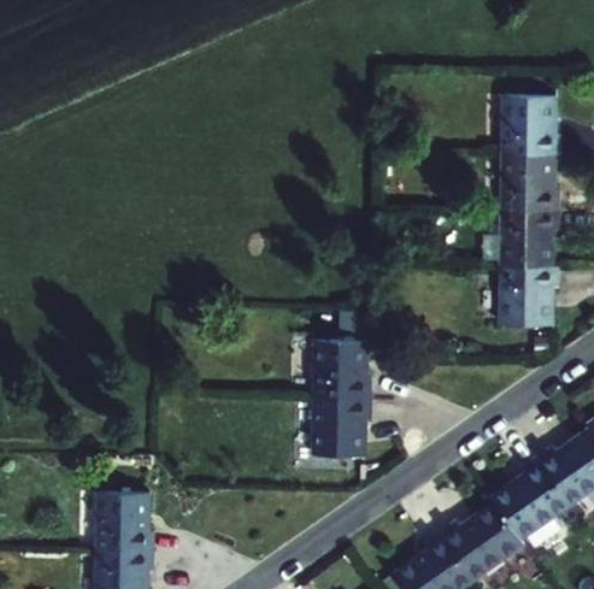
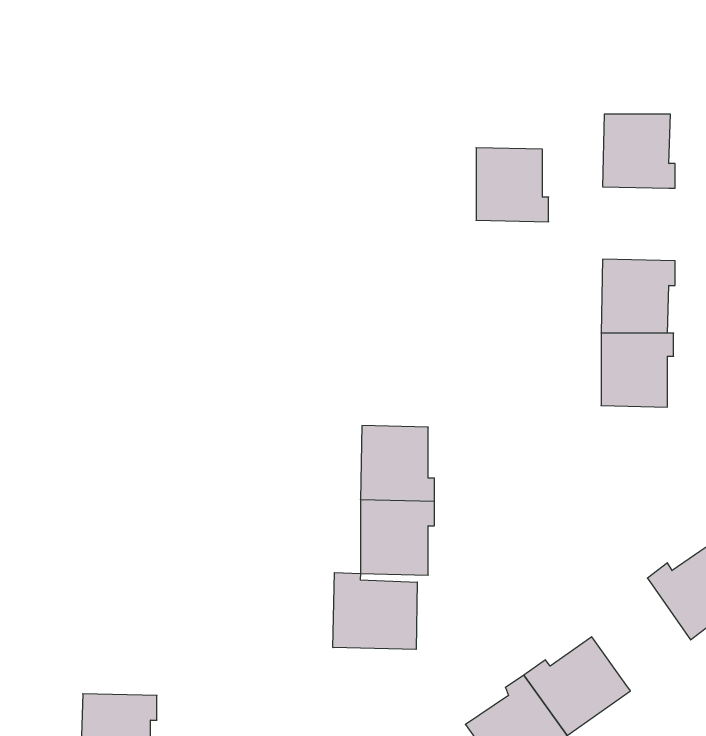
building: [502,154,559,212] -> [476,148,549,222]
building: none -> [333,573,417,649]
building: [490,460,571,543] -> none
building: [96,494,154,552] -> none

